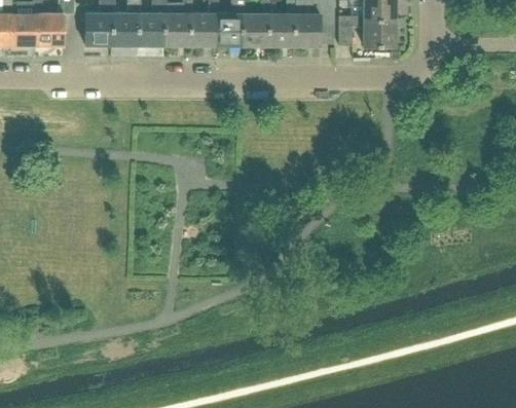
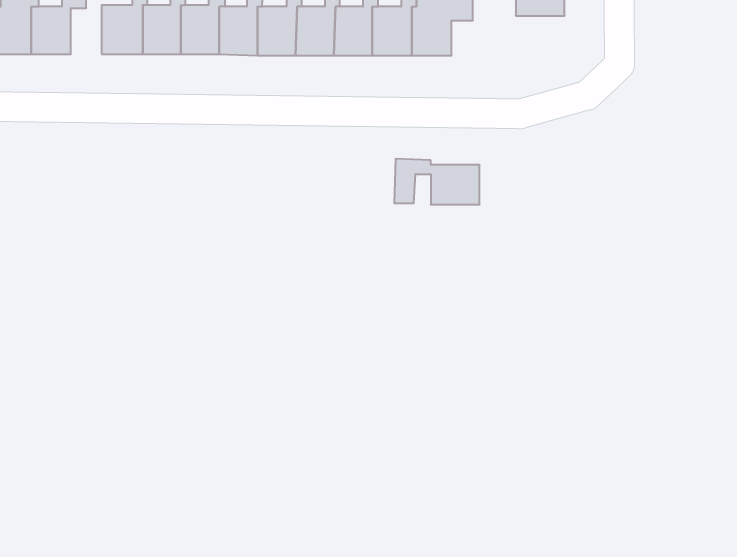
building: [339,15,397,46] -> [394,159,480,205]

